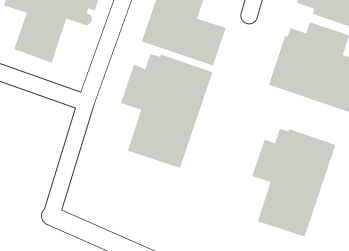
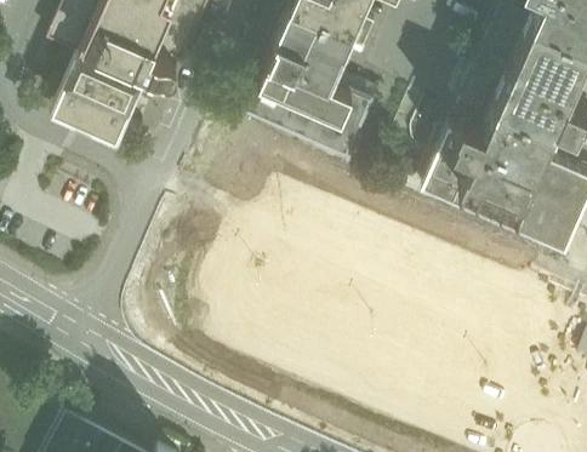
building: [120,53,214,169] -> none
building: [251,128,336,238] -> none

